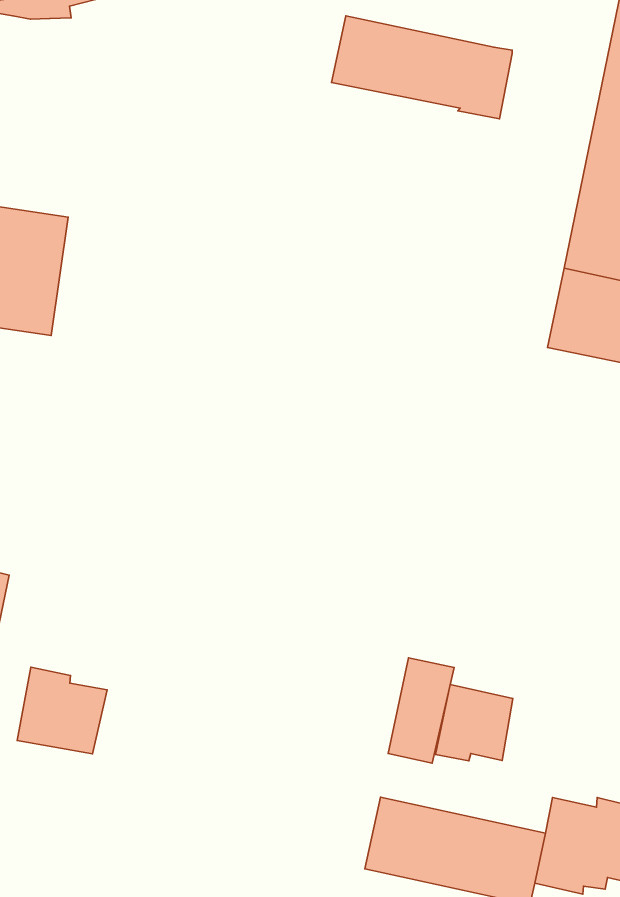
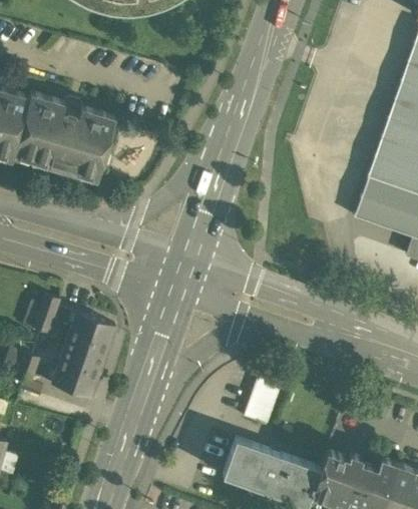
building: [332,16,512,119] -> none
building: none -> [64,313,115,366]
building: [435,685,513,761] -> none

